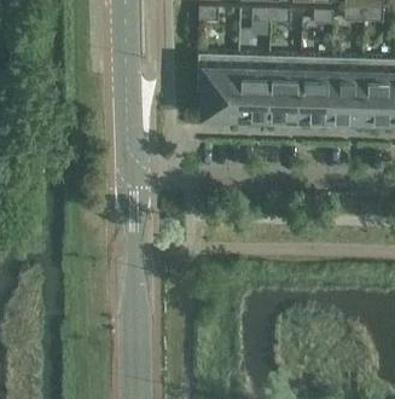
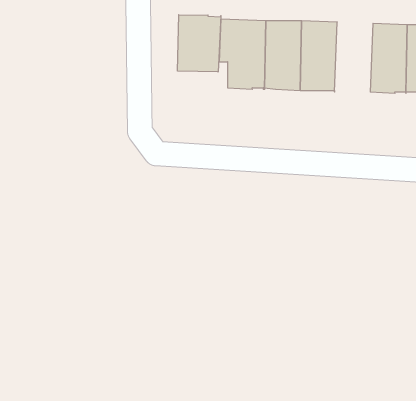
building: none -> [178,15,221,72]
building: [298,57,332,118] -> none

